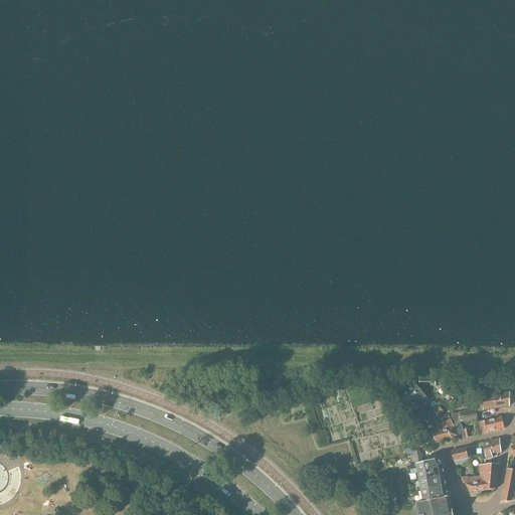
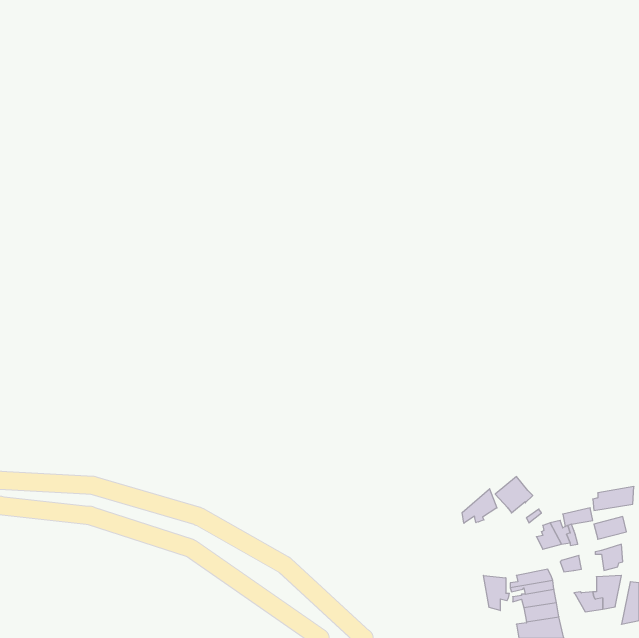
building: none -> [462,489,497,523]
building: none -> [483,575,509,611]

